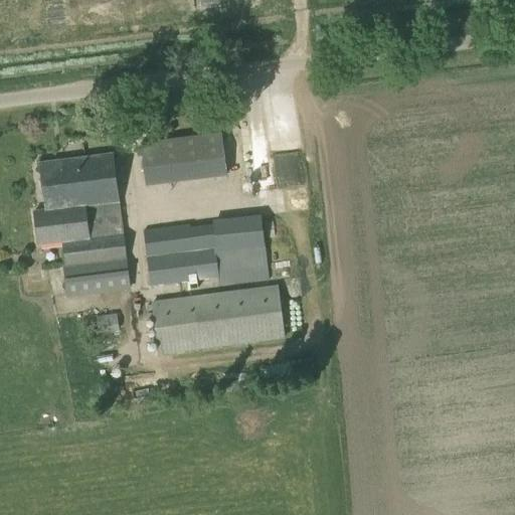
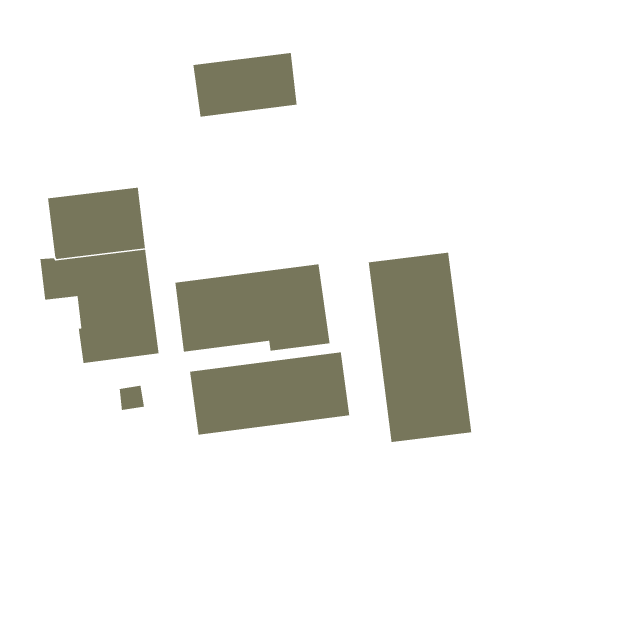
building: [140,132,225,185] -> [192,52,298,118]
building: none -> [368,252,472,443]

